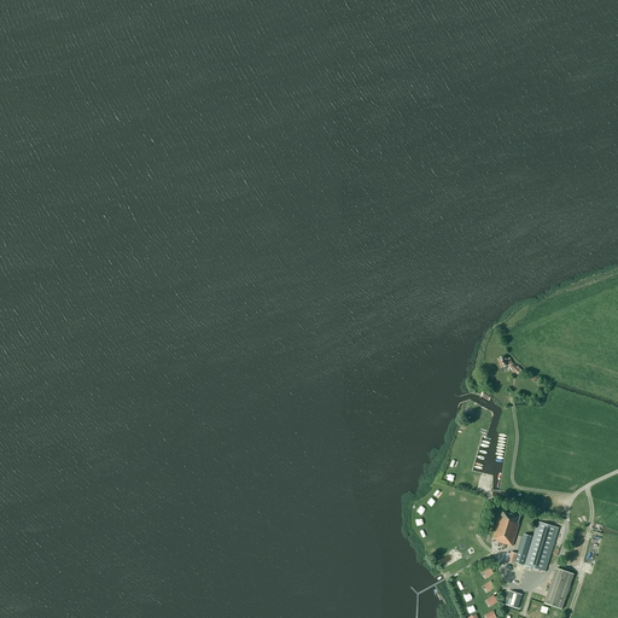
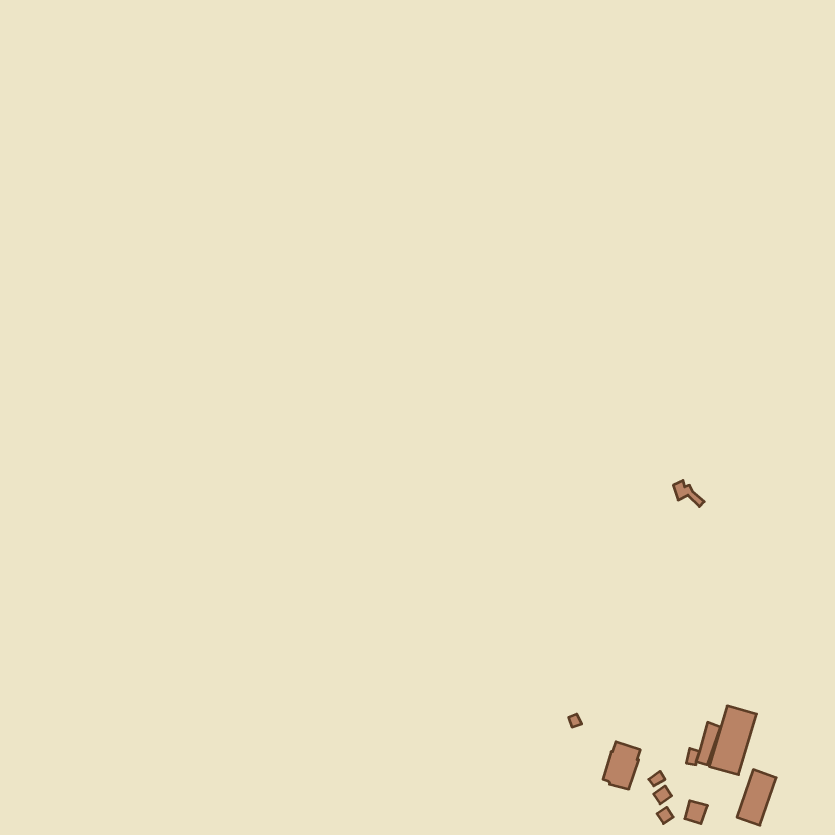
building: [492,511,520,546] -> [603,742,640,789]

